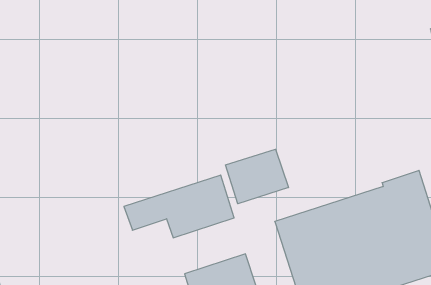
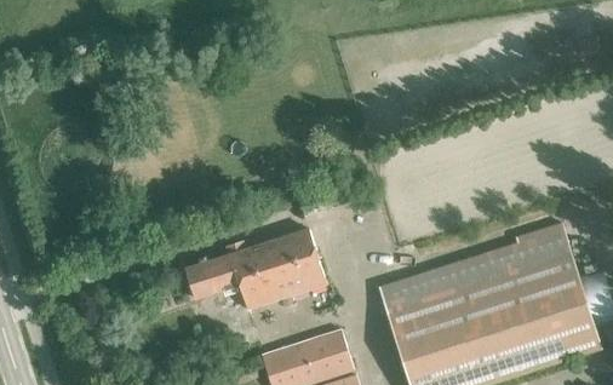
building: [226,149,288,204] -> none

